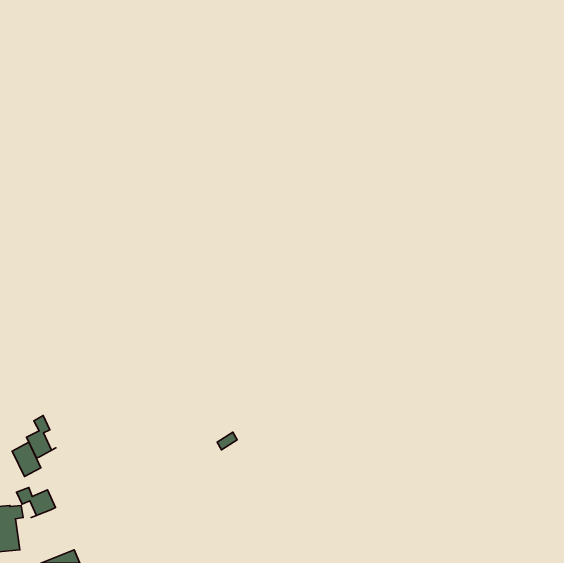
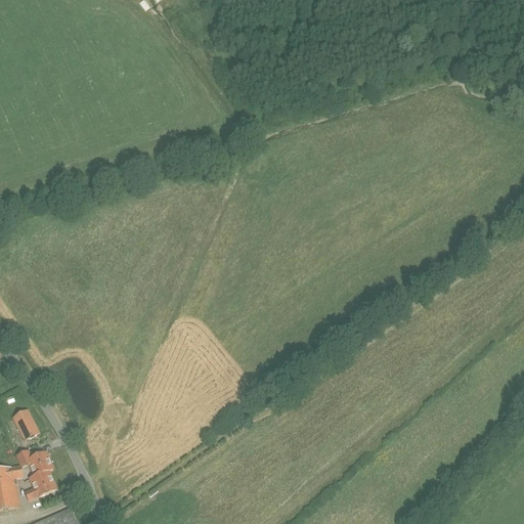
building: [26,415,56,458] -> none
building: none -> [24,471,54,500]

